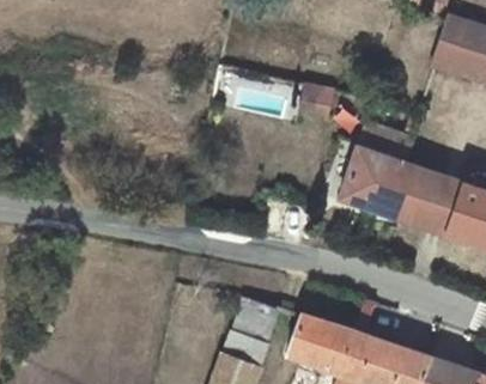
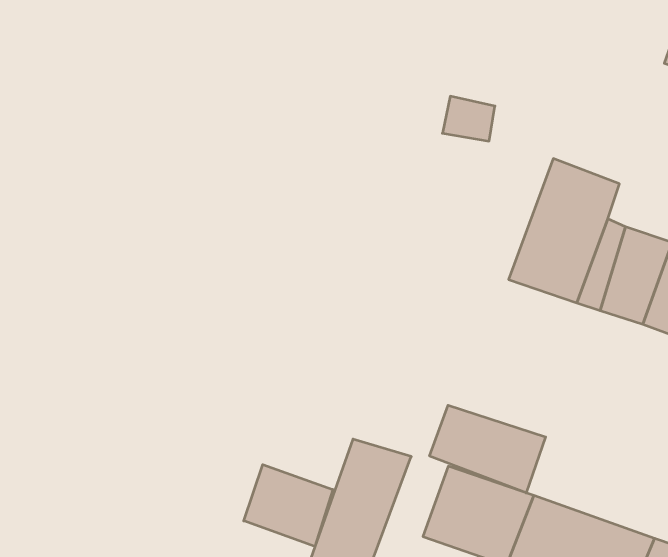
building: none -> [430,405,546,493]
building: none -> [244,465,333,547]

